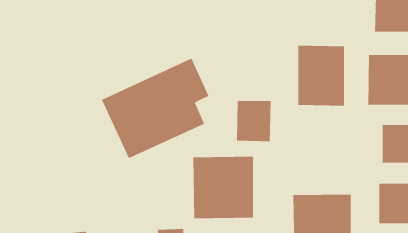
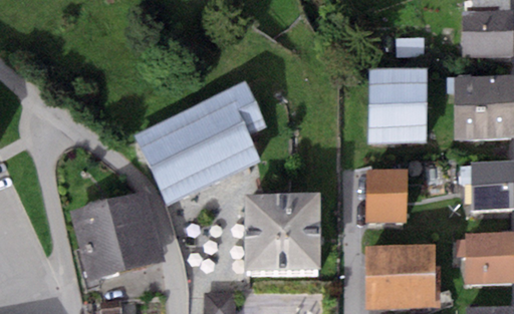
building: [236,100,271,142] -> [365,176,408,226]
building: none -> [71,196,165,286]

